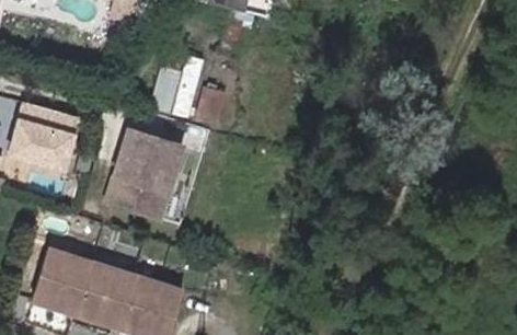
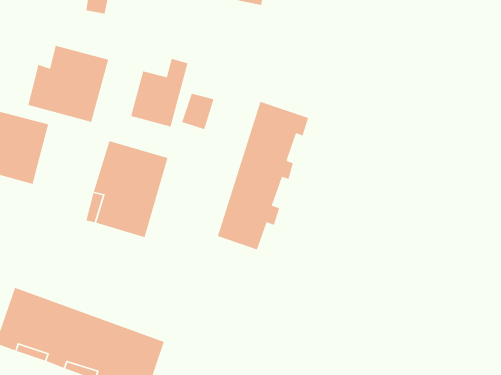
building: none -> [28,45,109,123]
building: none -> [217,101,309,250]

